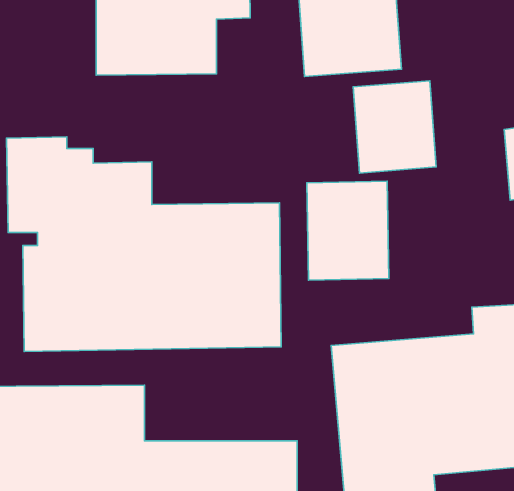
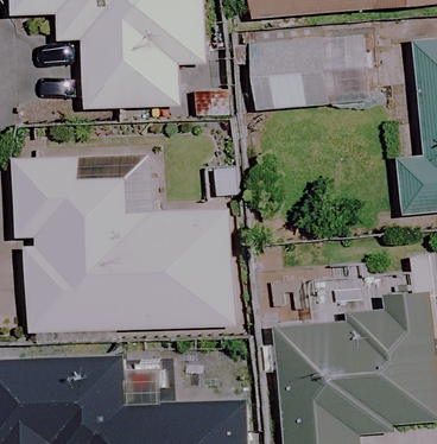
building: [353,81,436,173] -> none
building: [307,181,389,280] -> none

